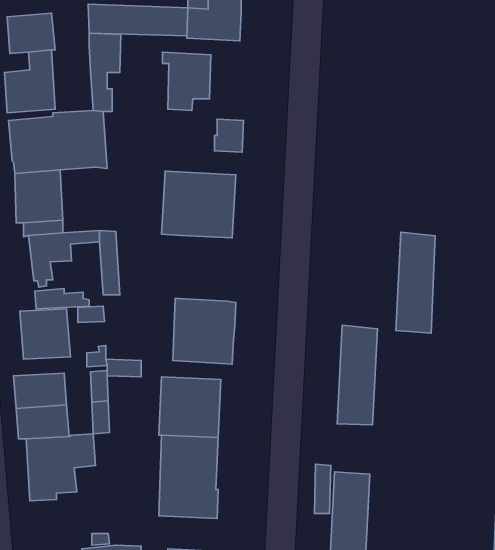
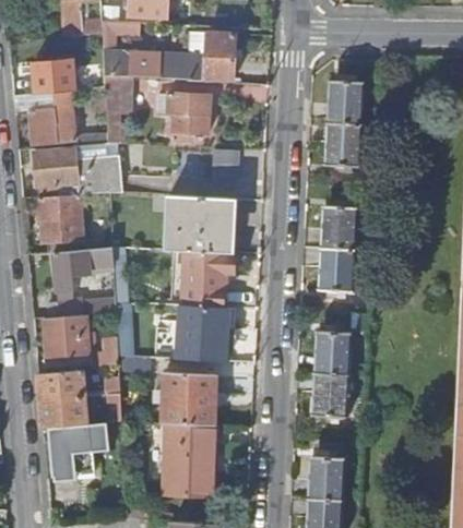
building: none -> [330,80,364,165]
building: [396,232,435,333] -> [323,204,357,291]
building: none -> [180,251,233,308]

